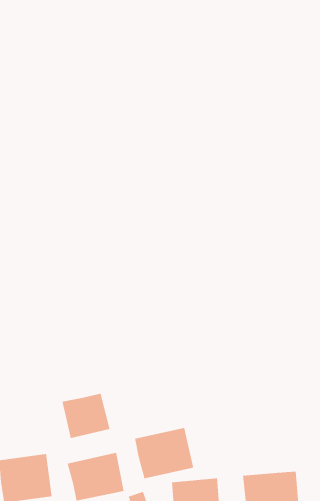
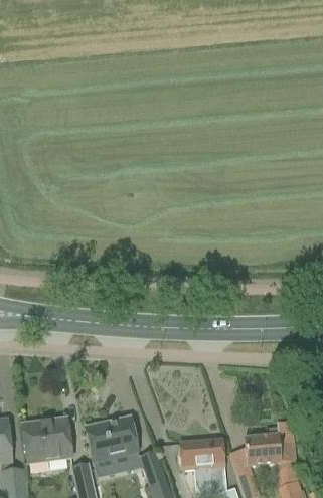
building: [62,393,110,439] -> none
building: [135,427,194,479] -> none

